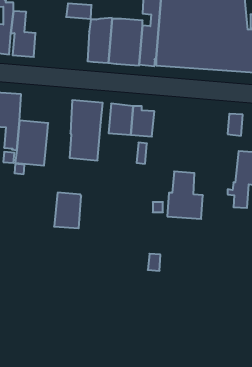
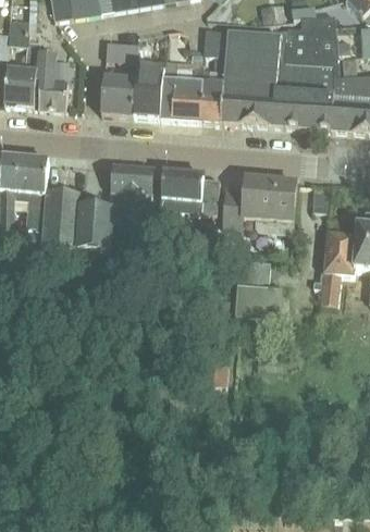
building: none -> [101,73,135,114]
building: none -> [222,175,296,233]
building: [54,193,81,228] -> [77,205,112,250]

